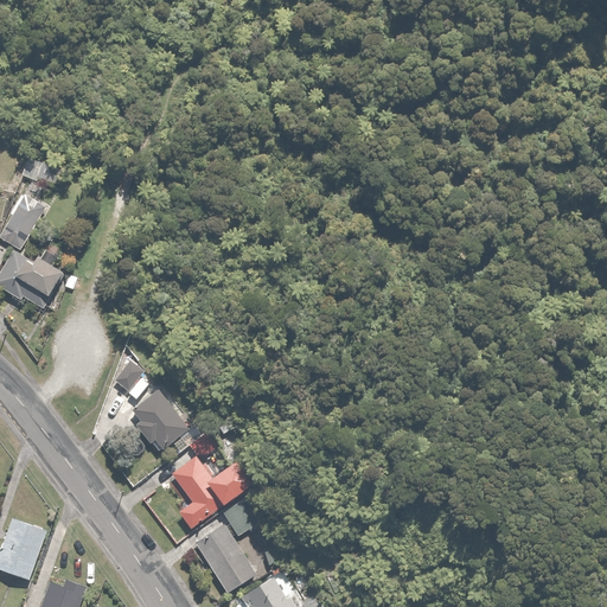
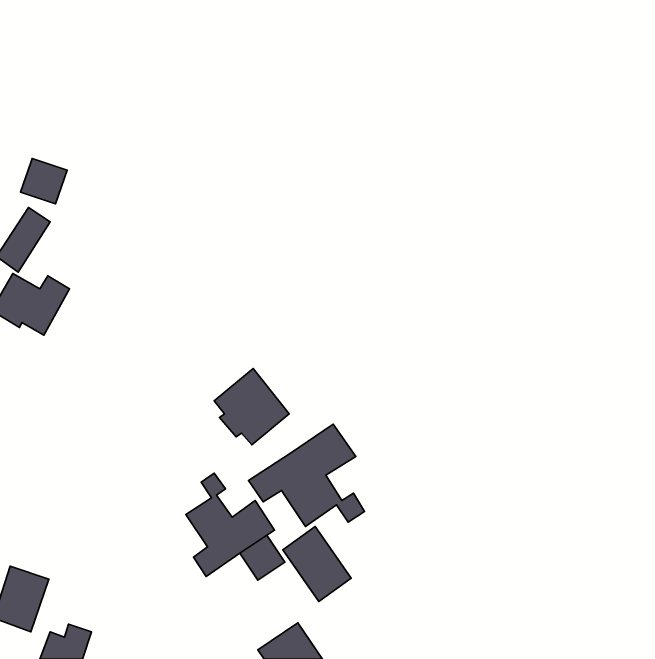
building: [111,360,142,392] -> none
building: [129,379,198,449] -> [214,369,289,445]
building: none -> [249,424,364,527]
building: [194,523,257,592] -> [283,527,351,601]

